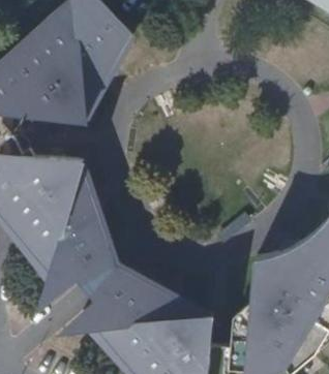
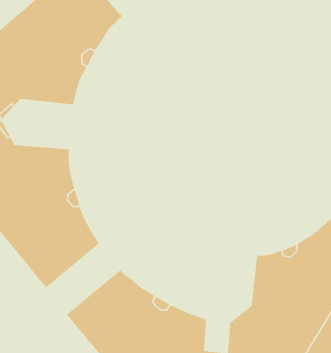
building: [61,247,129,312] -> none

